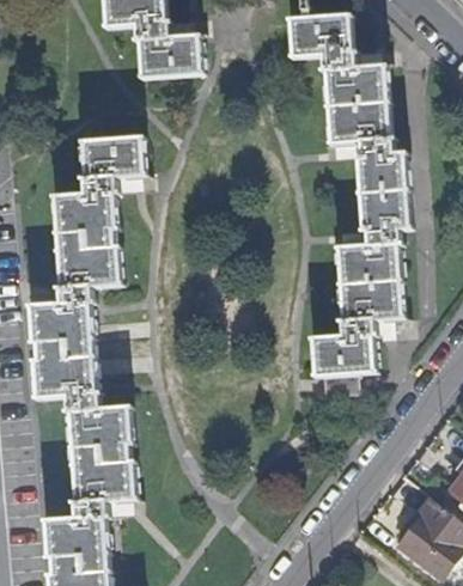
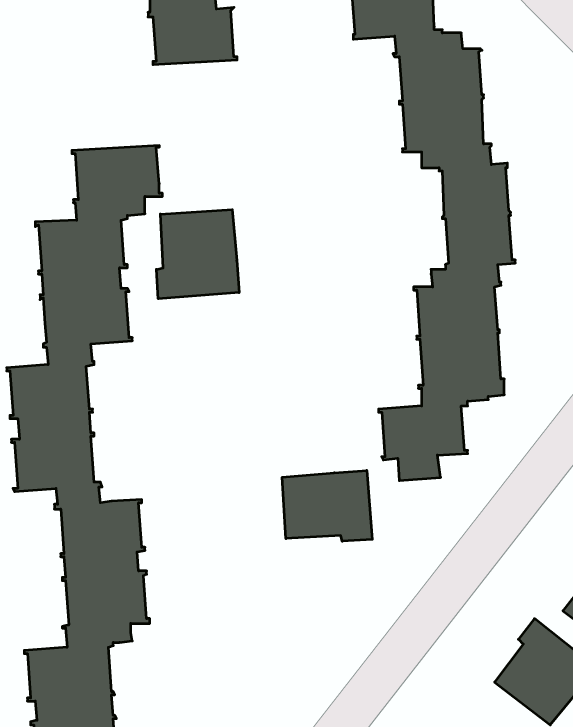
building: none -> [156,210,239,299]
building: none -> [282,470,372,541]

